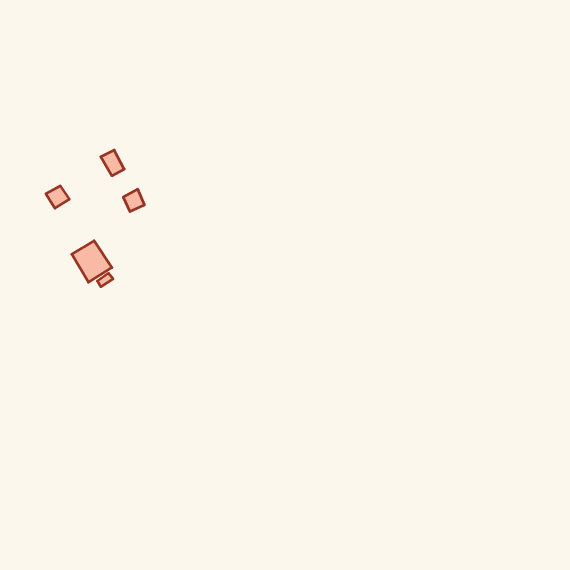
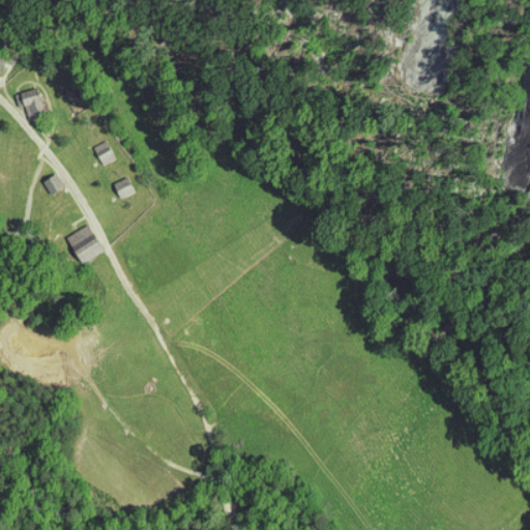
building: none -> [14,88,45,119]

